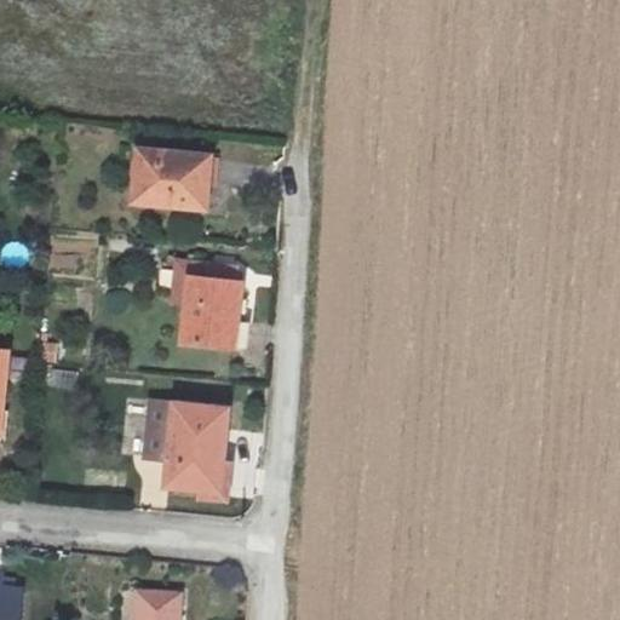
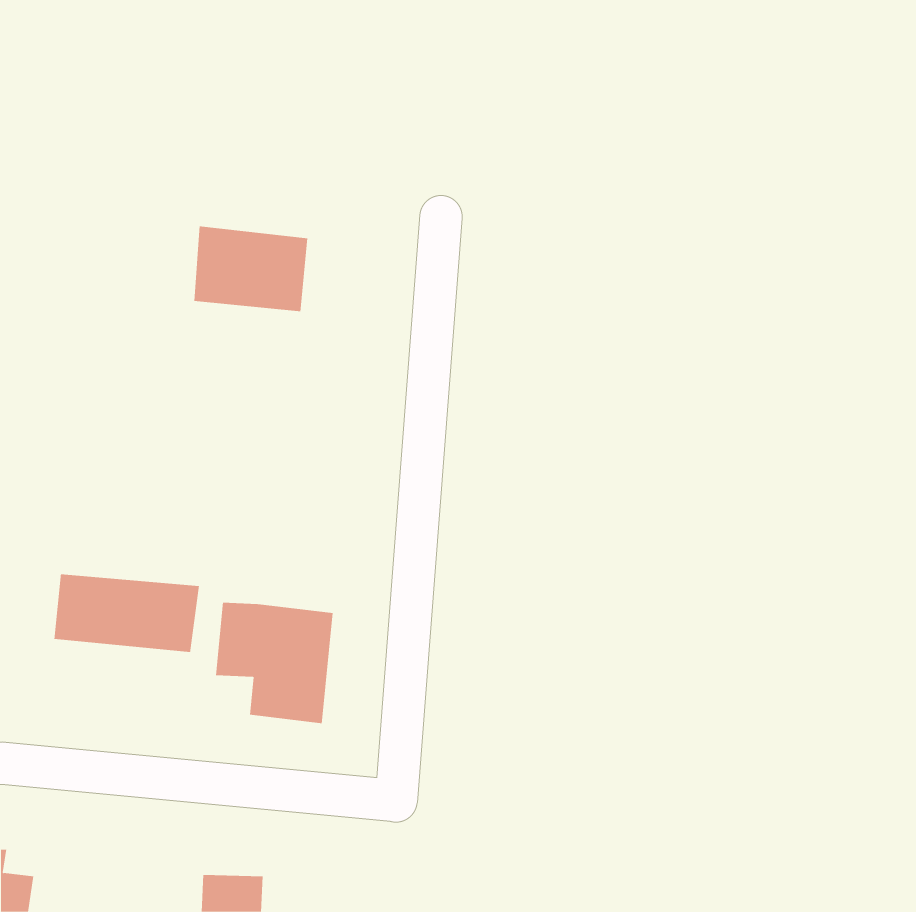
building: [183,268,237,346] -> none
building: none -> [54,574,200,653]

